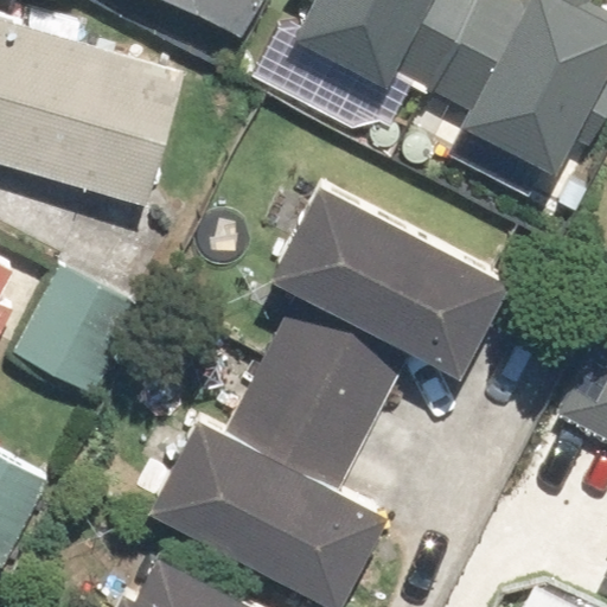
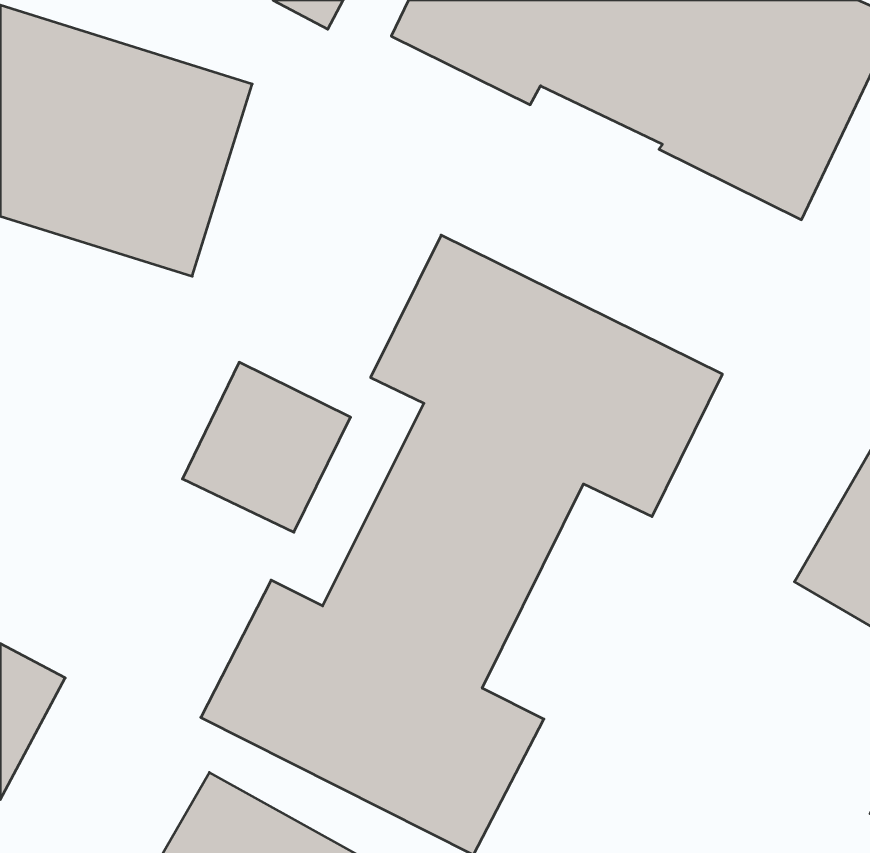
building: [21,276,138,394] -> [182,362,351,532]

